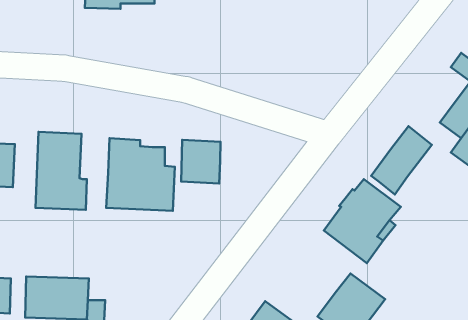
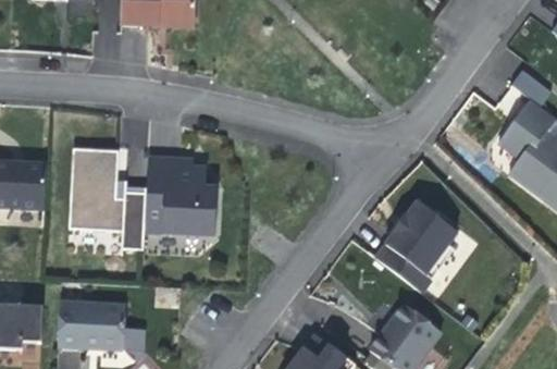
building: [371,126,432,194] -> none
building: [181,140,220,183] -> none
building: none -> [122,195,147,253]

